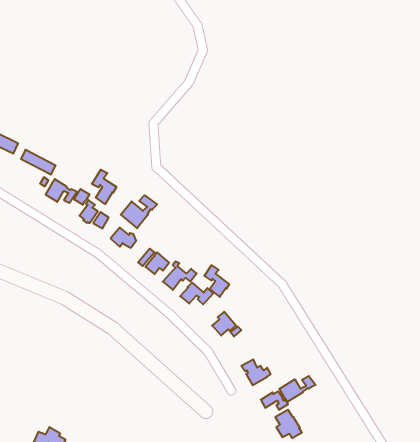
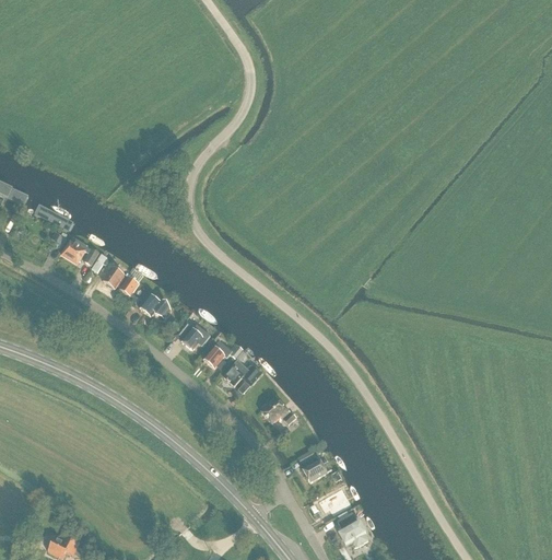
building: [92,170,116,204] -> none
building: [121,195,157,228] -> none
building: [204,265,229,297] -> none
building: [279,376,316,402] -> none

